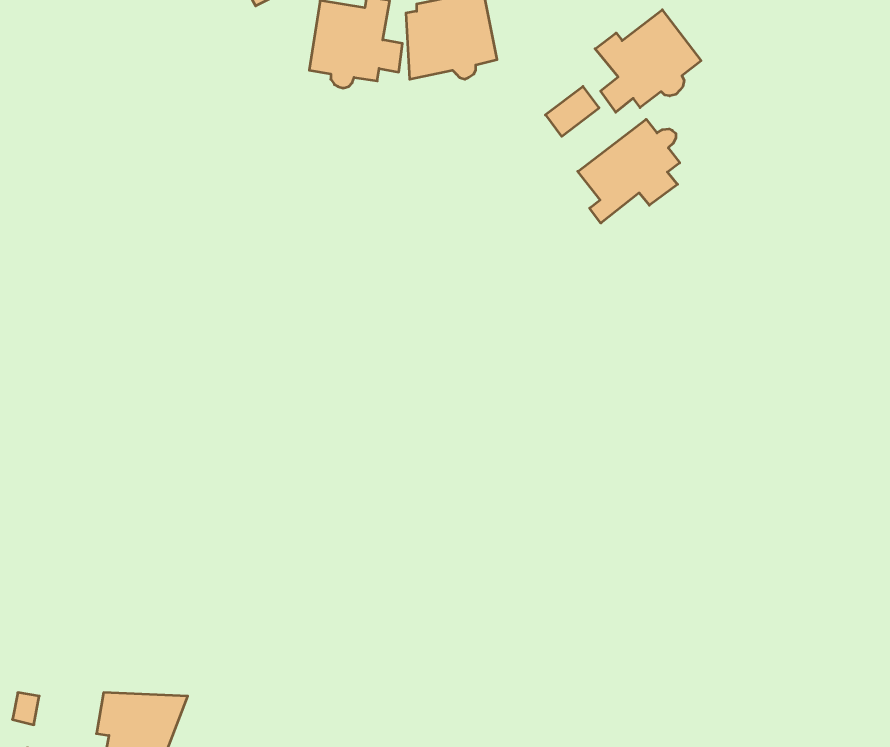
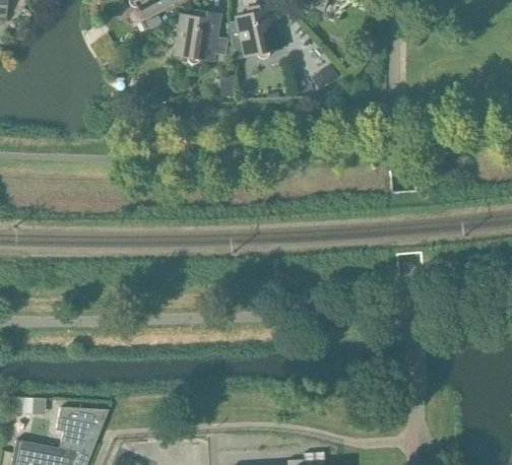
building: [595,10,701,112] -> none
building: [578,119,680,223] -> none

